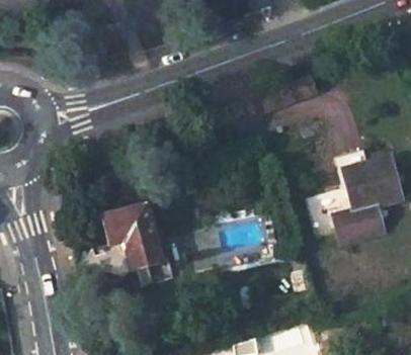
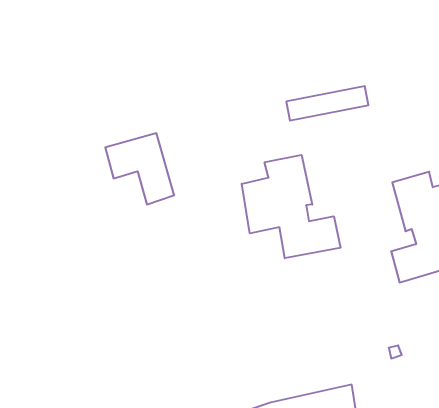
building: none -> [242,155,341,258]
building: [101,209,160,270] -> [105,133,174,205]

